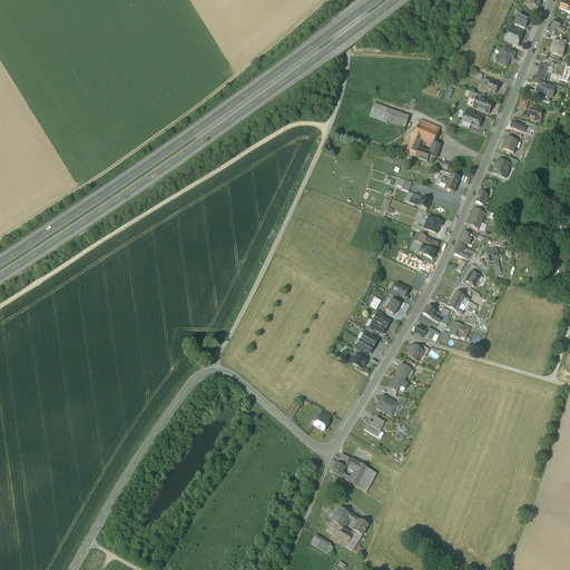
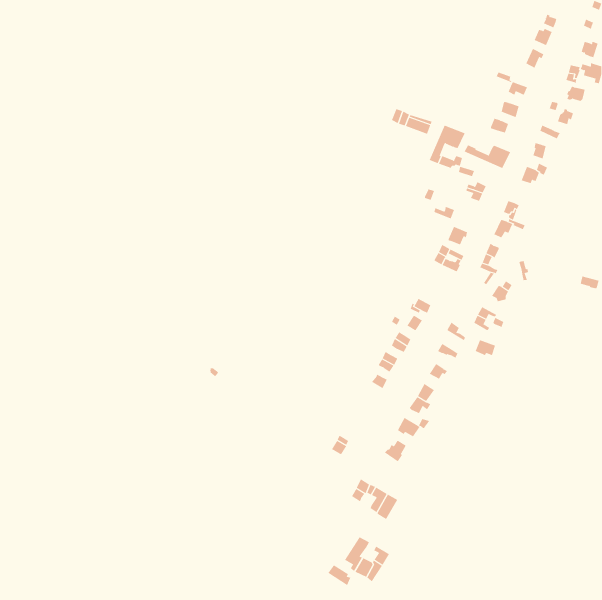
building: none -> [464,145,511,169]

